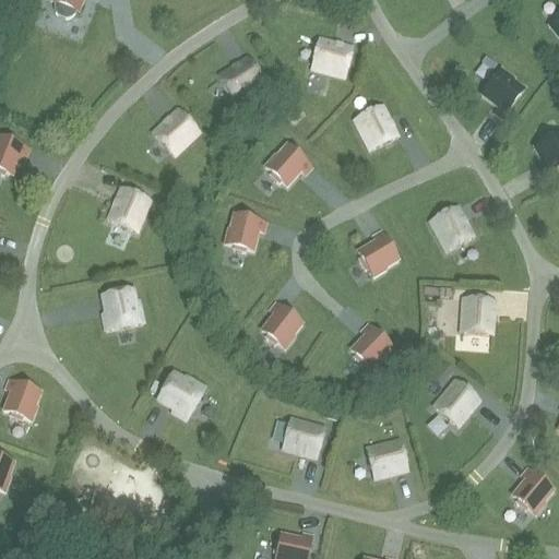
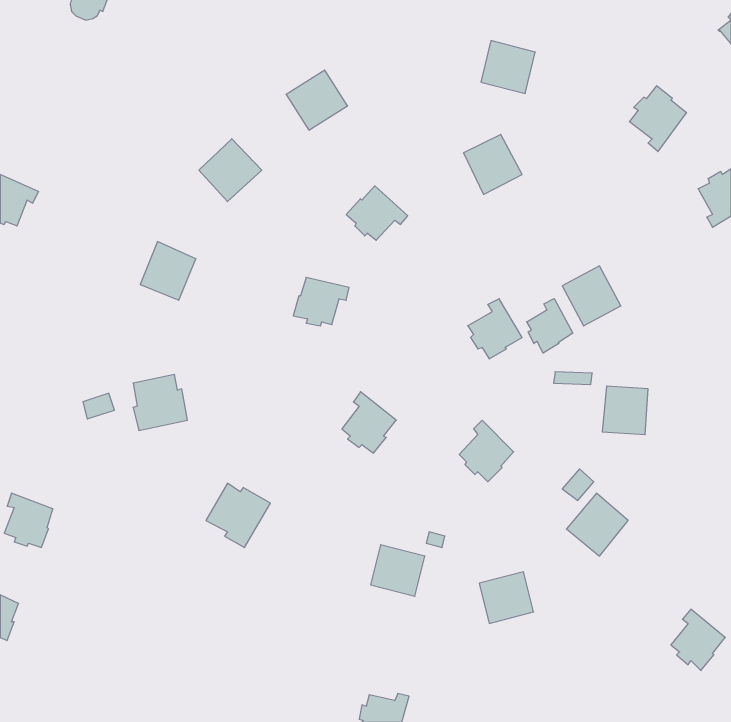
building: [311,35,353,75] -> [481,41,535,94]
building: none -> [527,299,573,353]

